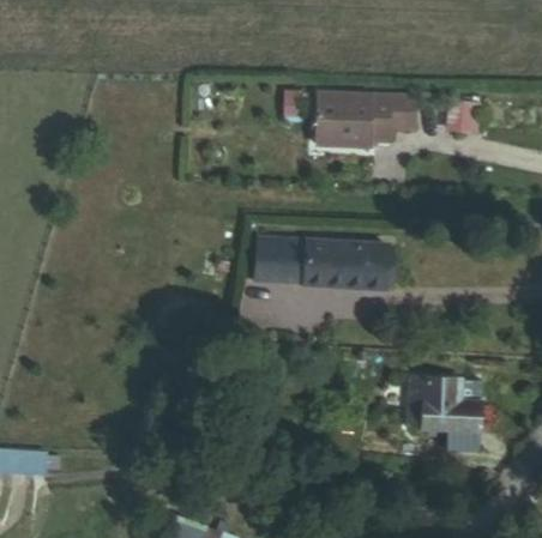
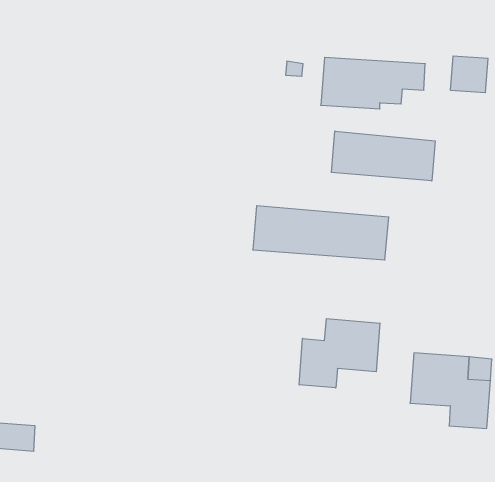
building: none -> [331,131,435,181]
building: none -> [299,319,380,388]

